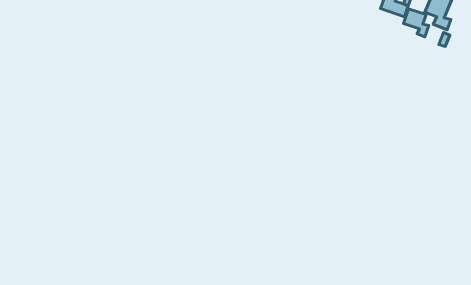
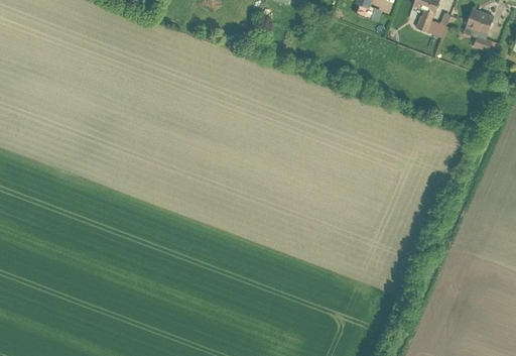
building: [404,9,429,37] -> none

